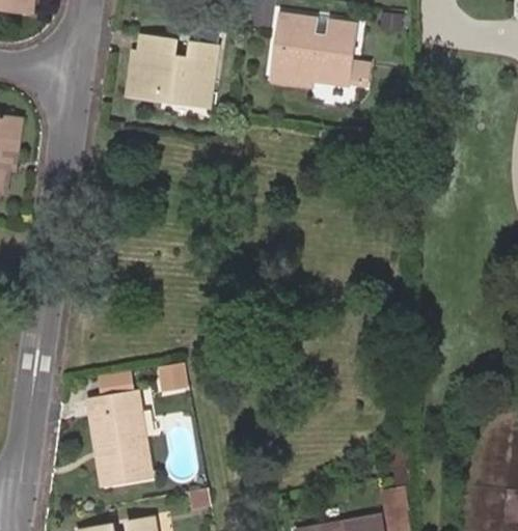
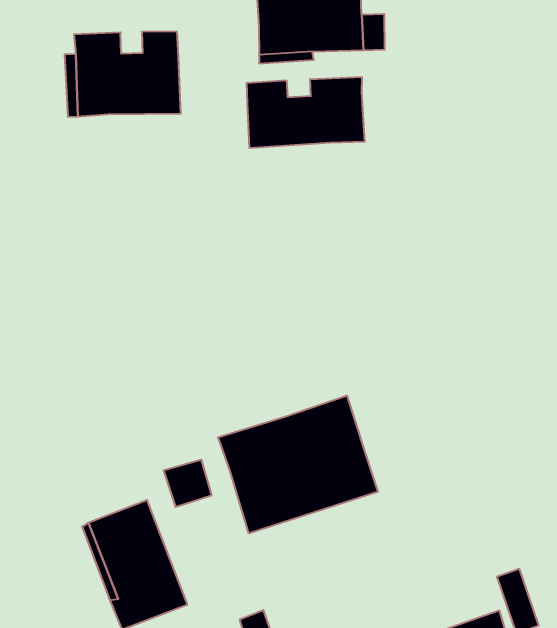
building: none -> [247,77,364,148]
building: none -> [218,396,378,533]

